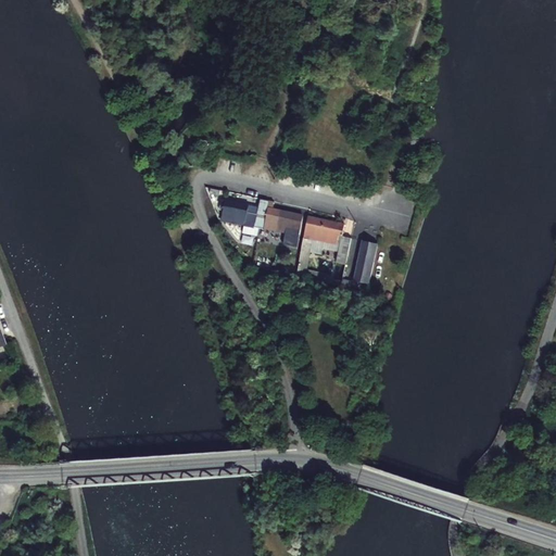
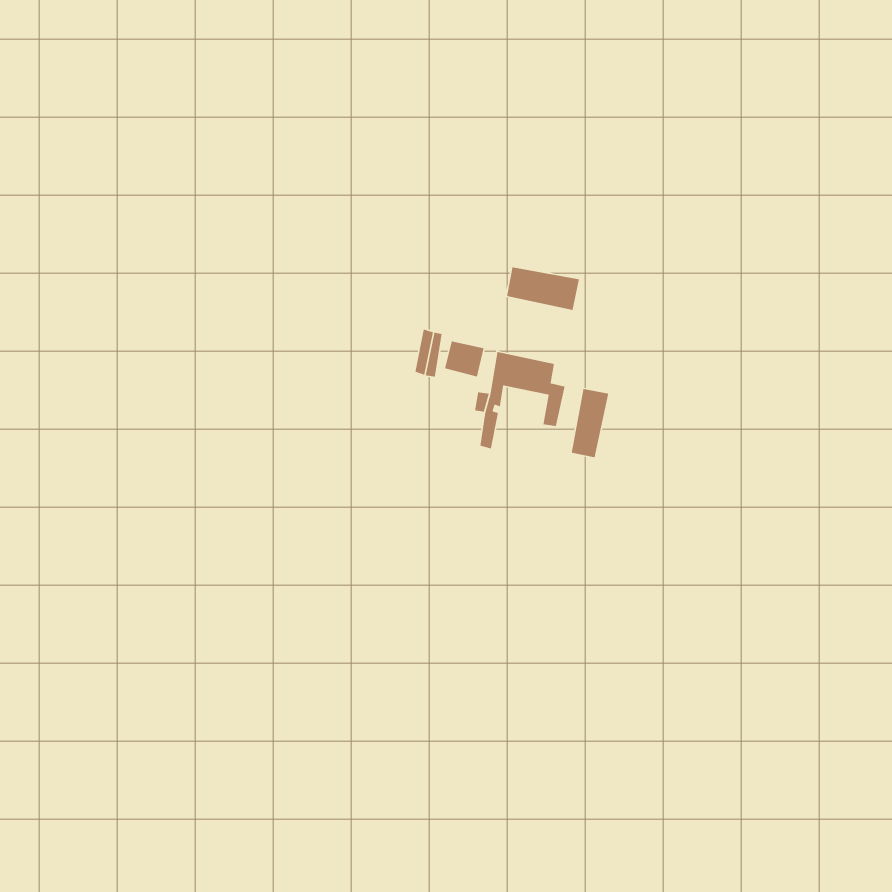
building: none -> [506,267,580,311]
building: [220,203,247,228] -> none

